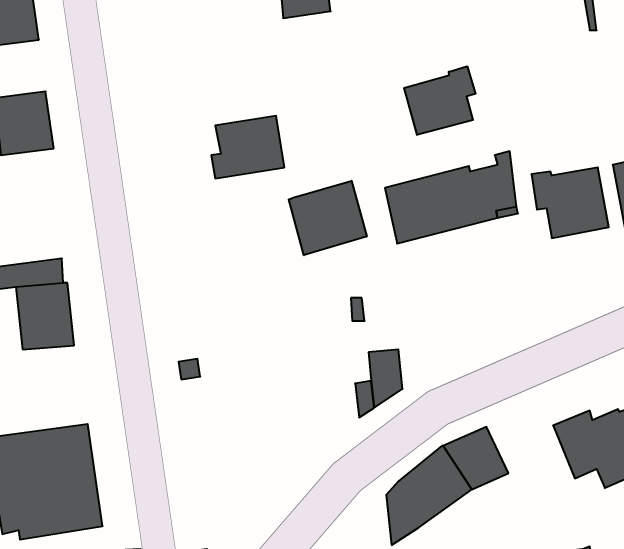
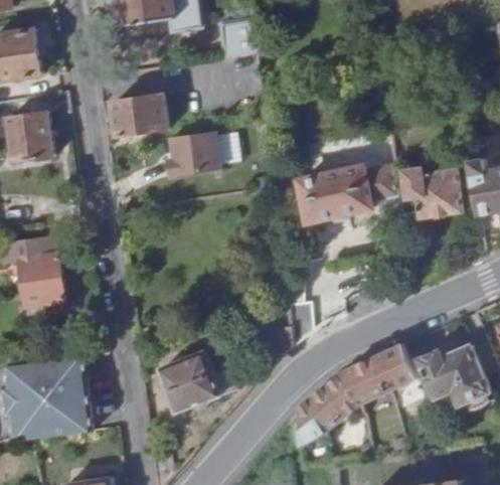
building: [404,66,476,135] -> none
building: none -> [110,94,164,134]
building: [289,181,367,255] -> none
building: none -> [372,346,416,393]
building: none -> [157,350,234,412]

